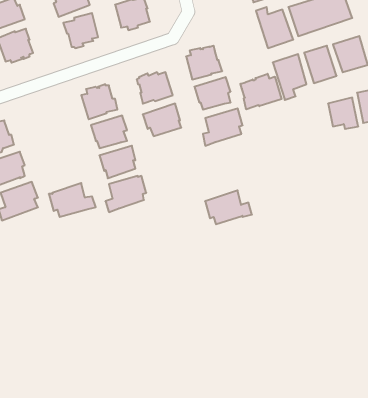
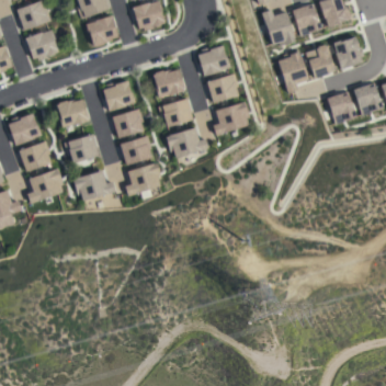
building: [240,74,282,109] -> none
building: none -> [56,100,89,127]
building: none -> [64,134,99,163]
building: [205,190,252,224] -> [166,127,208,158]

